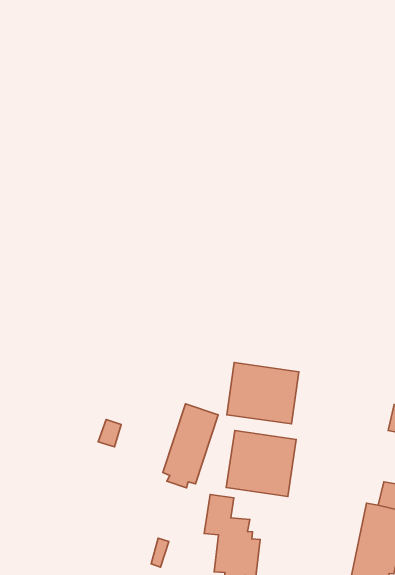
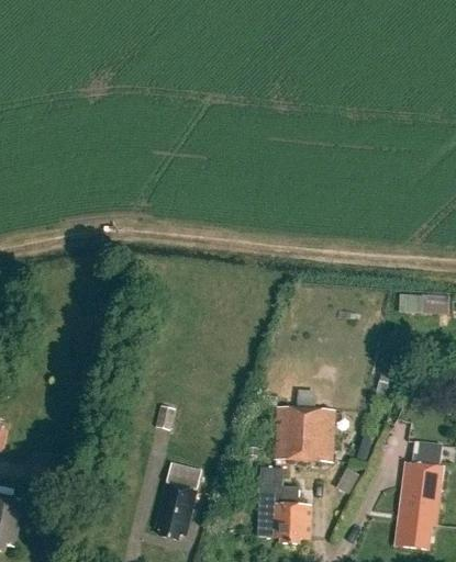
building: [227,363,299,424] -> none
building: [163,404,218,488] -> [155,462,201,539]

